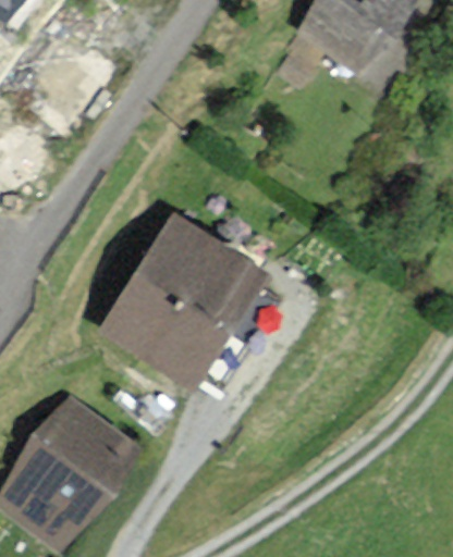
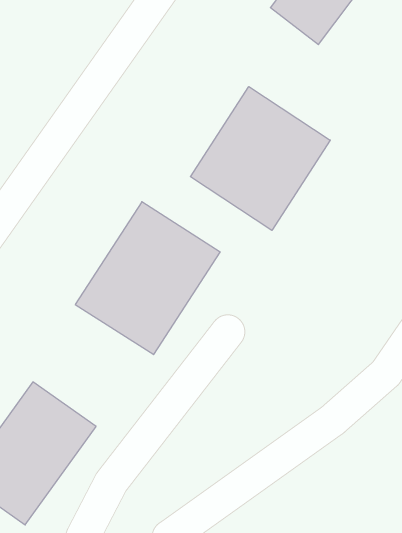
building: none -> [190,87,330,230]

